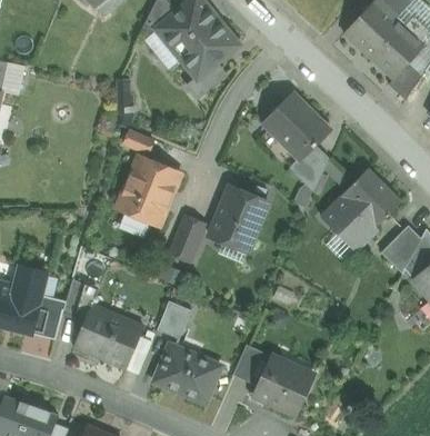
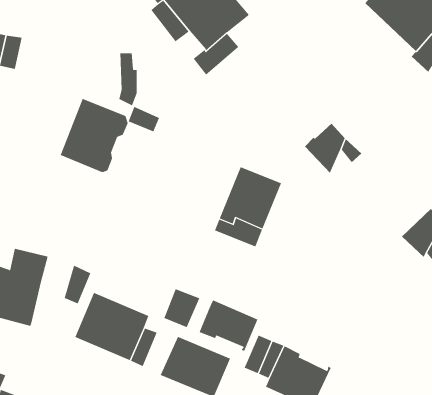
building: [264,93,329,159] -> none
building: [116,153,180,224] -> [60,98,128,173]
building: [320,168,400,251] -> none
building: [170,216,203,260] -> none
building: [33,295,63,338] -> none
building: none -> [199,299,258,351]

